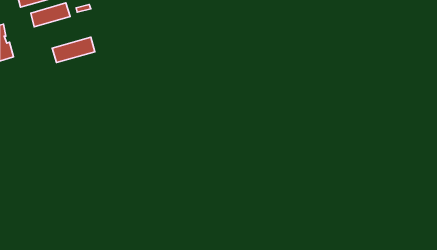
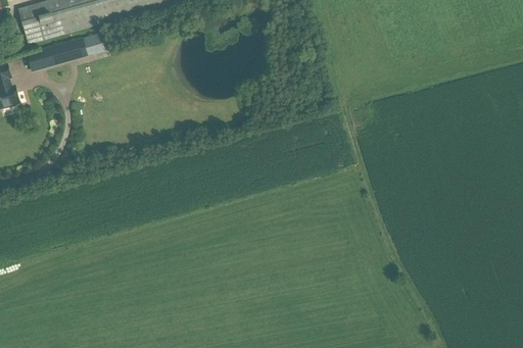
building: [52,37,95,63] -> none

